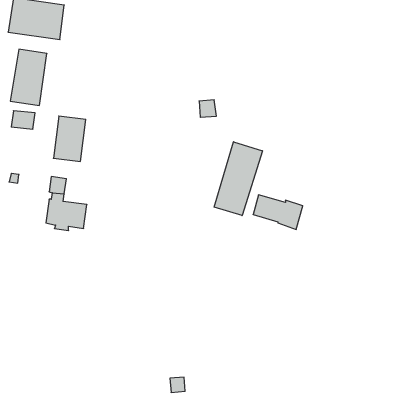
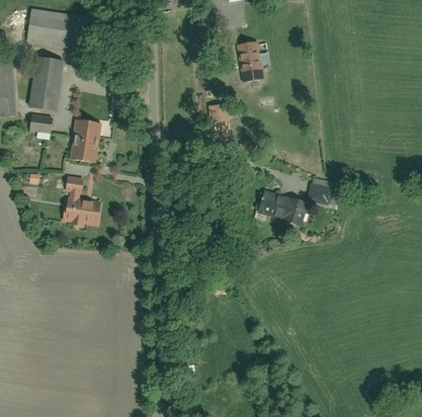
building: none -> [236,41,263,82]
building: [214,142,262,216] -> none
building: none -> [309,178,333,204]

